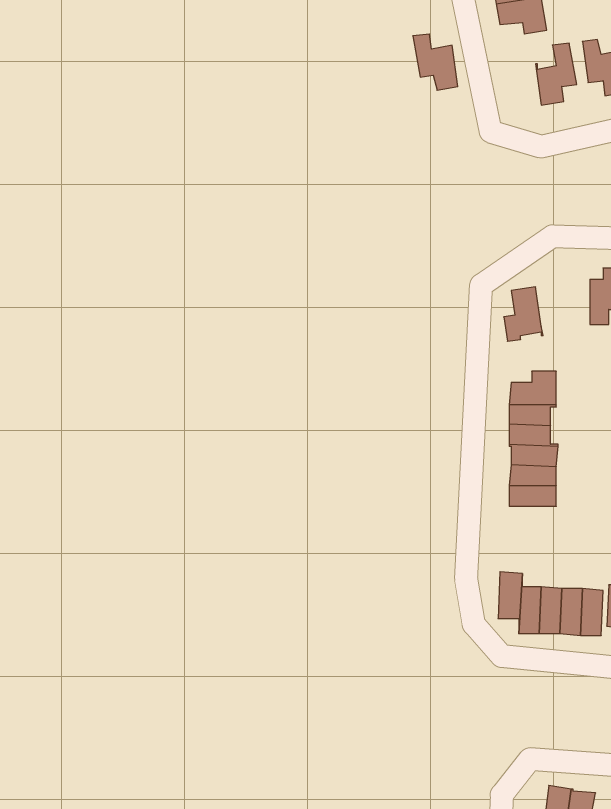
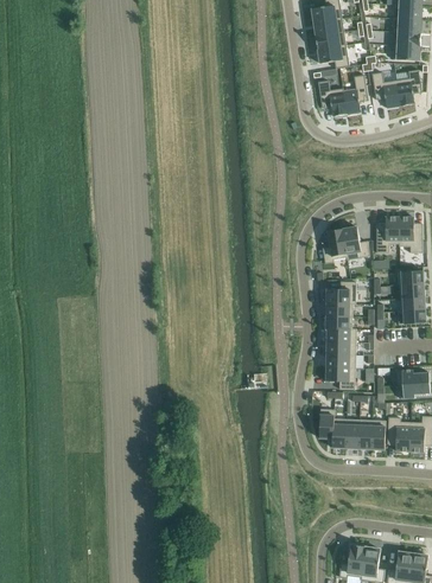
building: [413,34,458,90] -> [318,81,347,116]
building: none -> [343,226,370,260]
building: none -> [326,367,356,390]

